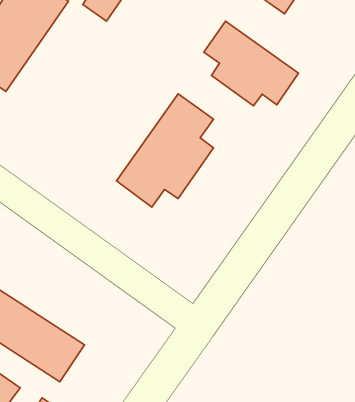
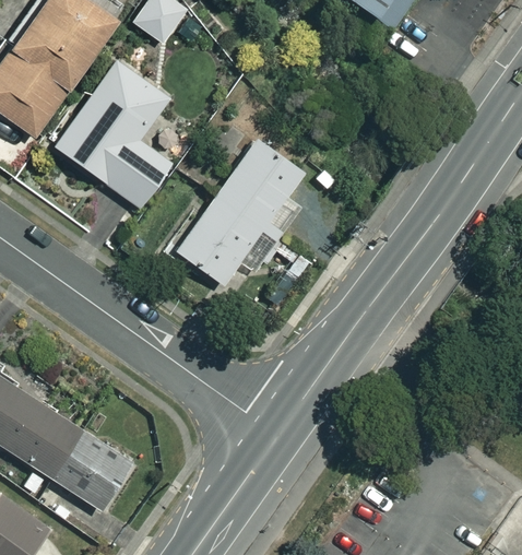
building: [204,21,299,106] -> none
building: none -> [54,60,171,208]

